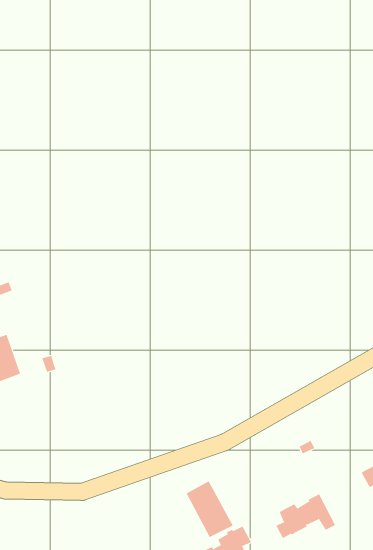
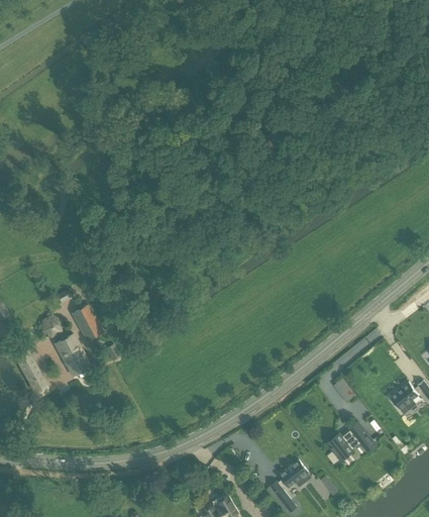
building: none -> [73,306,102,340]
building: [186,481,234,538] -> none

